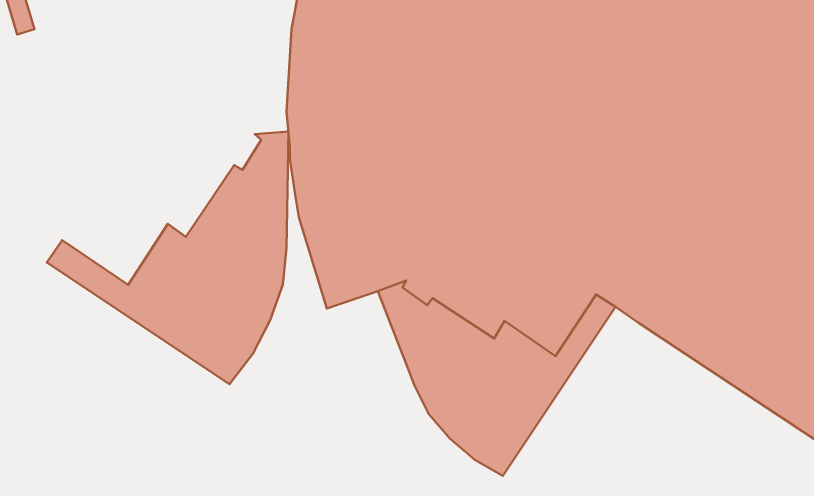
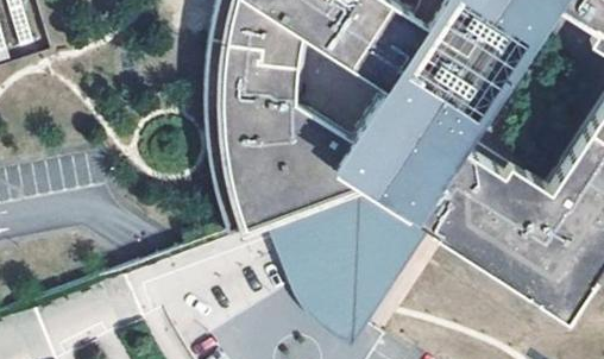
building: [47,132,288,384] -> none

